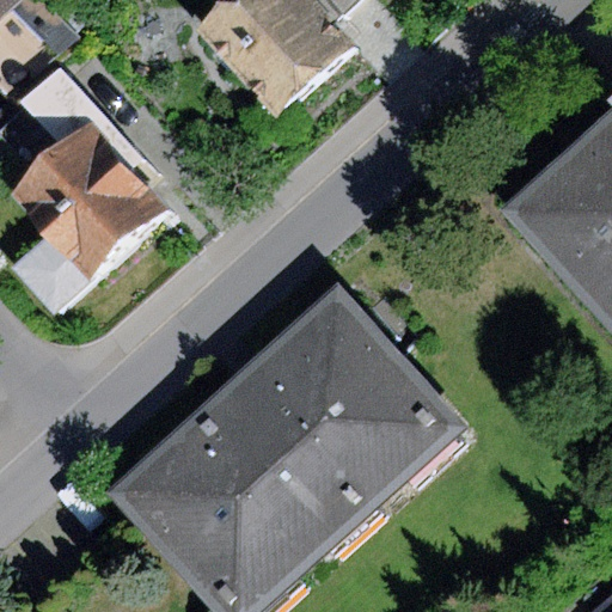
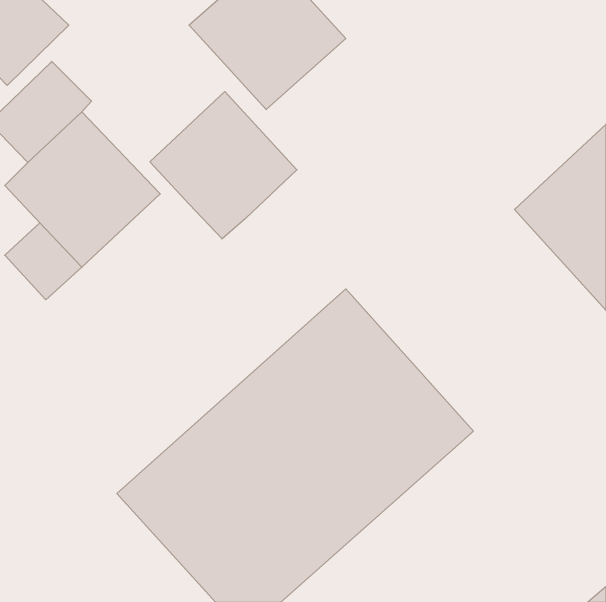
building: none -> [150,92,297,239]

